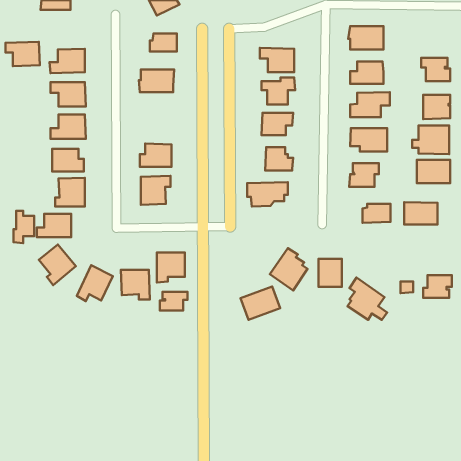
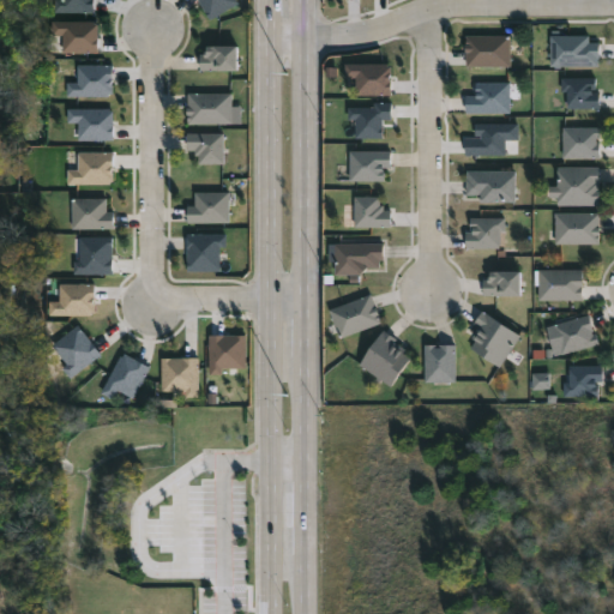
building: none -> [549,35,598,65]
building: [6,42,40,66] -> [53,22,98,54]
building: none -> [186,132,223,163]
building: [14,211,34,243] -> none
building: none -> [546,315,597,356]
building: [348,277,387,320] -> [470,309,523,366]
building: [240,287,280,320] -> [327,294,380,338]
building: [160,292,187,311] -> none

